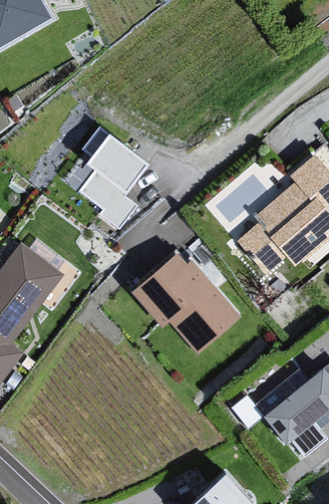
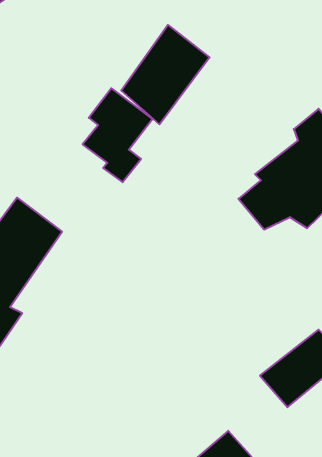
building: none -> [121,25,210,124]
building: [129,253,243,356] -> none

